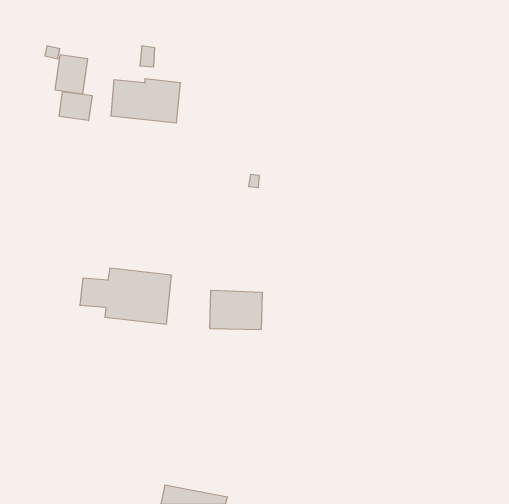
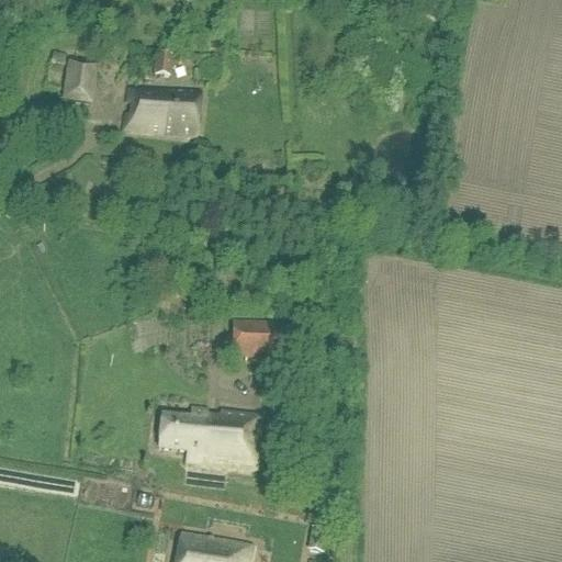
building: [59,91,92,121] -> none
building: [80,268,172,324] -> [159,405,260,467]

